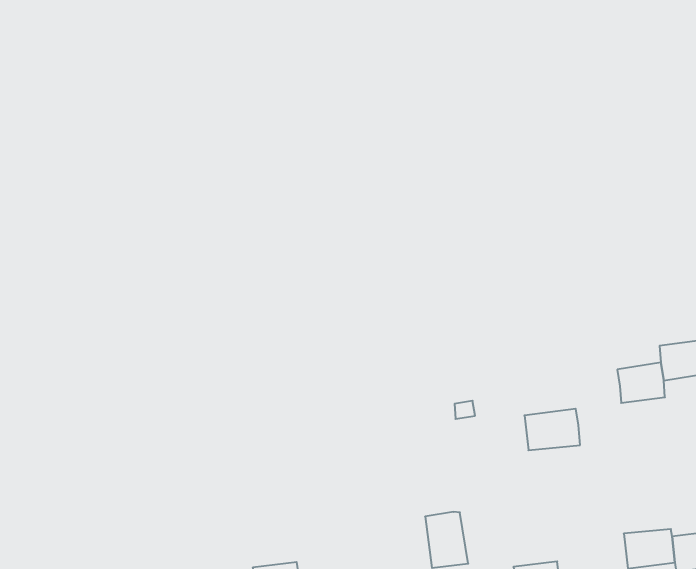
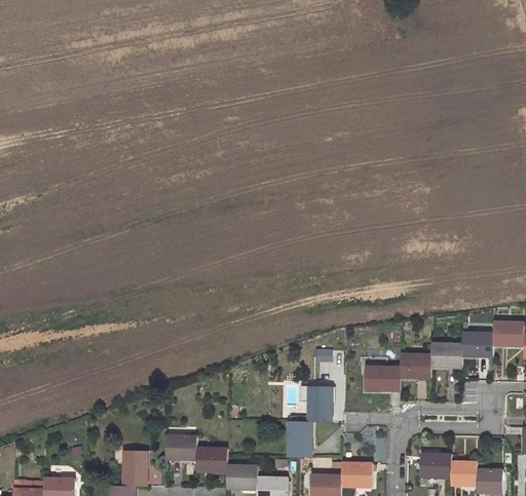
building: none -> [401,353,433,377]
building: none -> [308,385,333,421]

